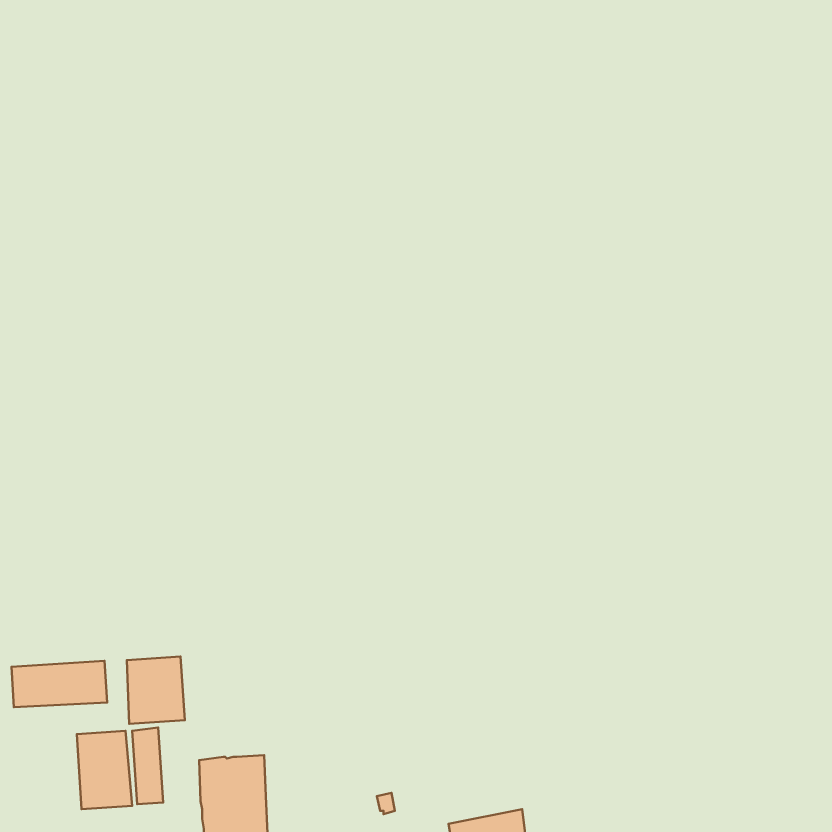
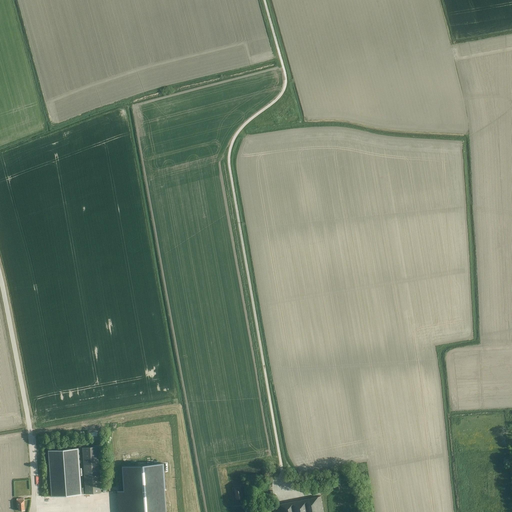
building: [127,657,185,724] -> none
building: [11,661,107,707] -> none

